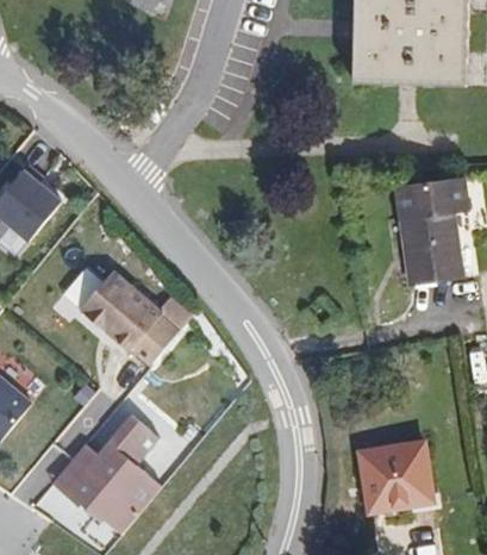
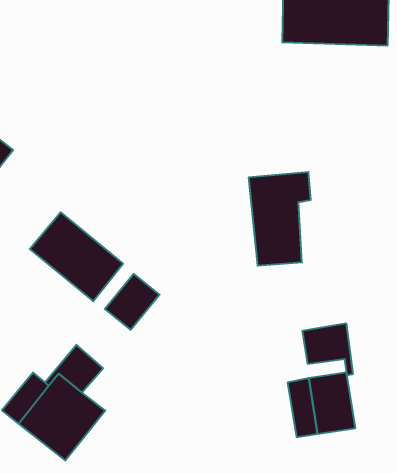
building: [398,180,464,280] -> [249,172,311,266]
building: none -> [105,274,160,330]
building: none -> [303,323,353,376]

